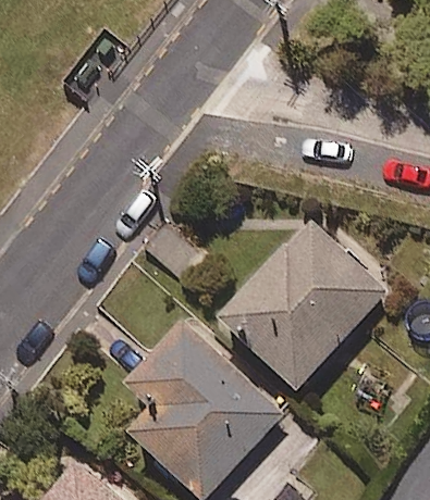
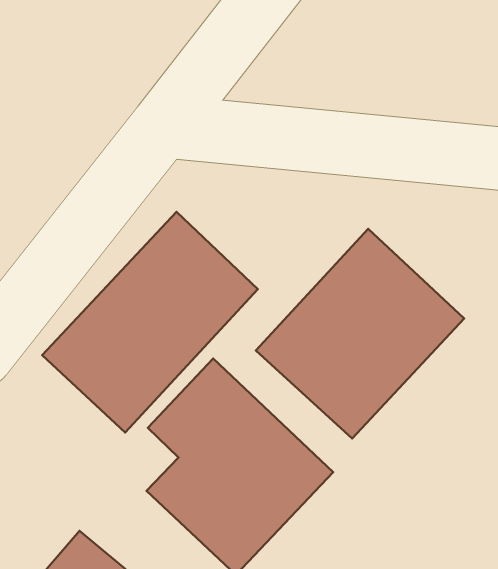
building: none -> [42,212,258,432]

